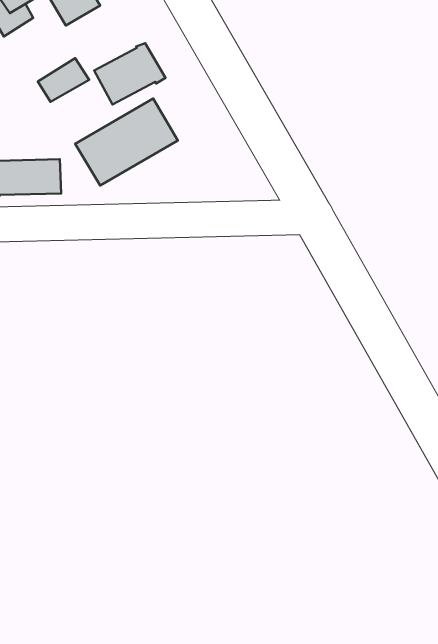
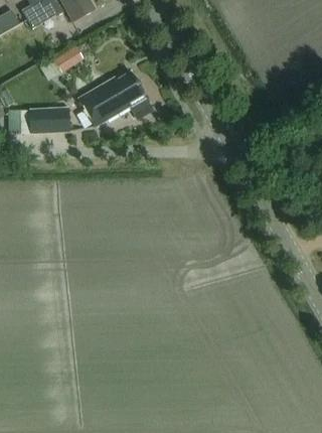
building: [94,43,165,105] -> none

